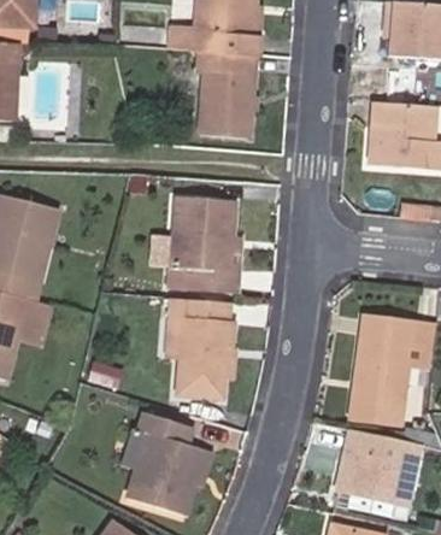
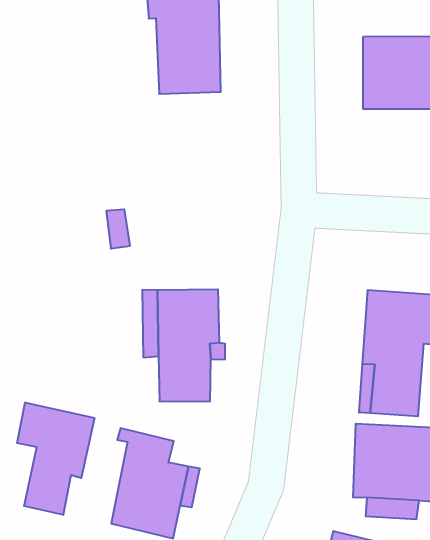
building: [174,202,243,292] -> none
building: none -> [17,402,94,515]

